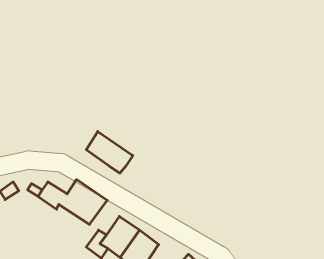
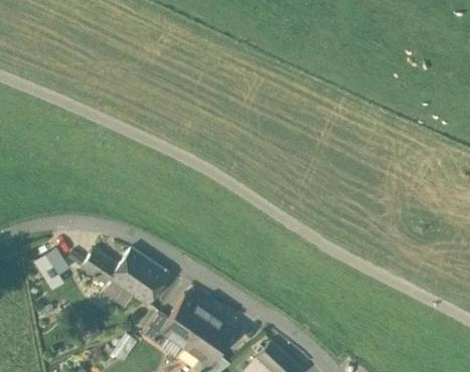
building: [86,131,133,173] -> none

